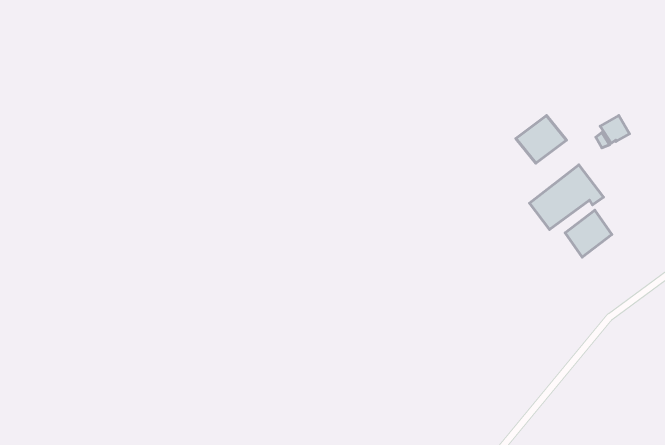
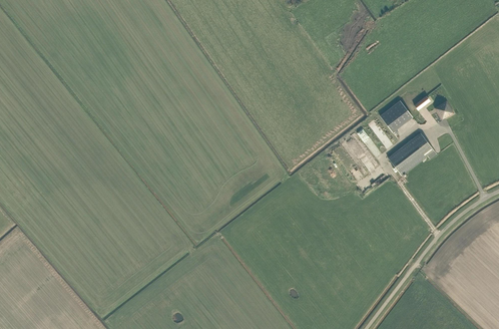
building: [565,210,612,257] -> none

